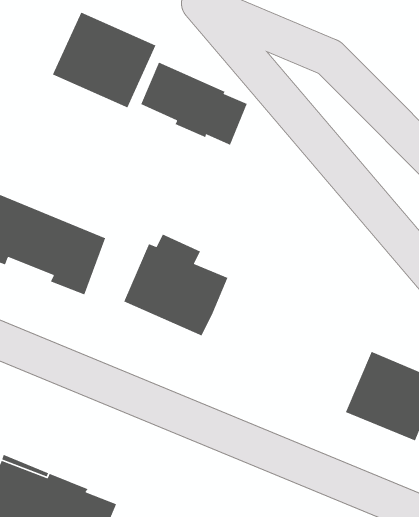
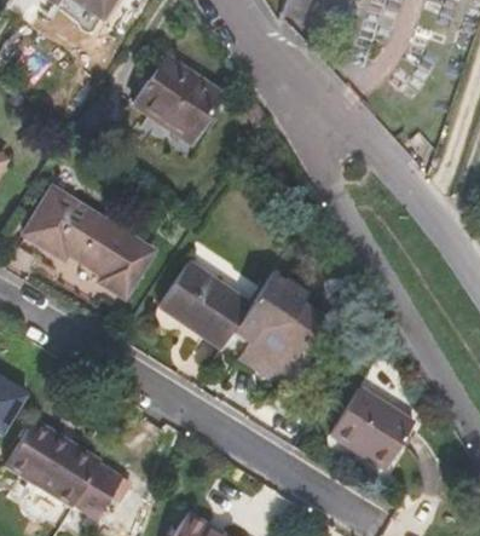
building: [140,61,248,146] -> none
building: none -> [235,271,324,379]

